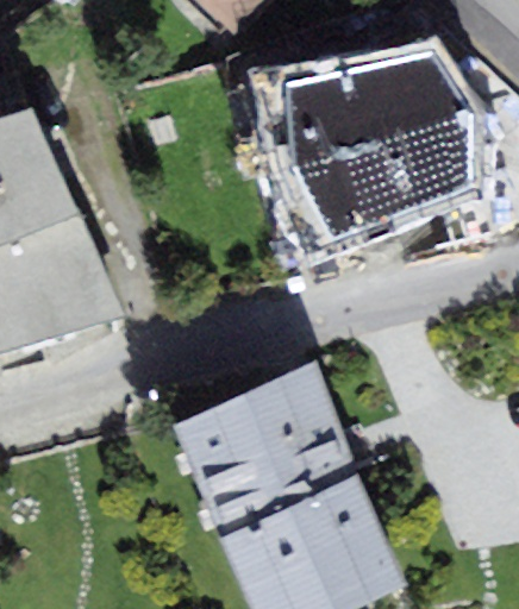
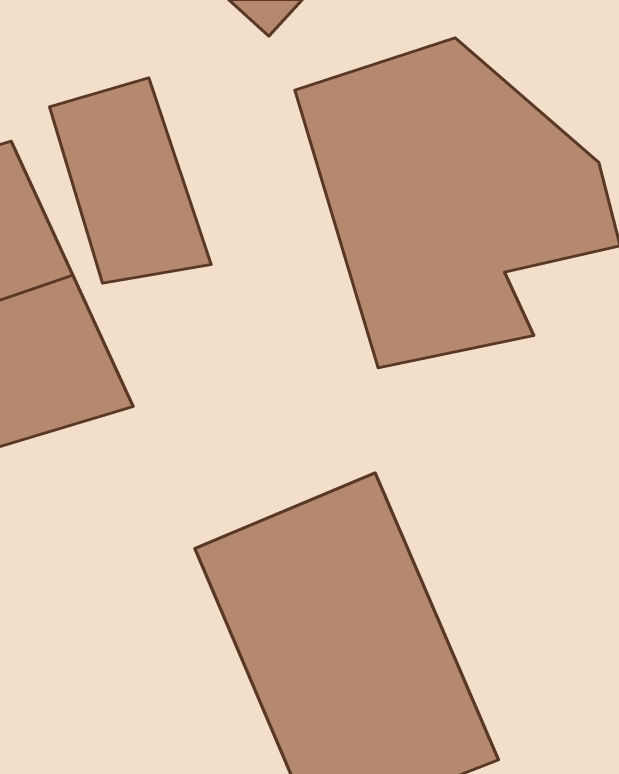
building: none -> [49,78,211,283]

